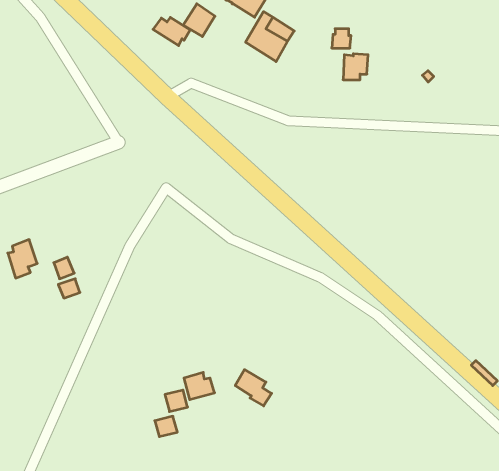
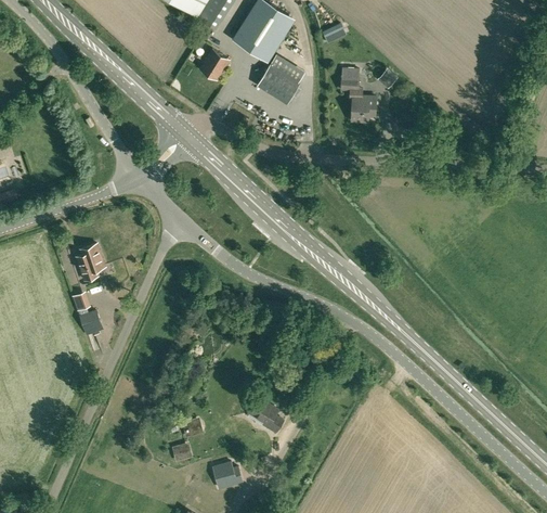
building: [153,17,190,46] -> none
building: [8,240,37,278] -> [76,243,104,280]
building: [184,372,215,400] -> [212,461,242,487]

